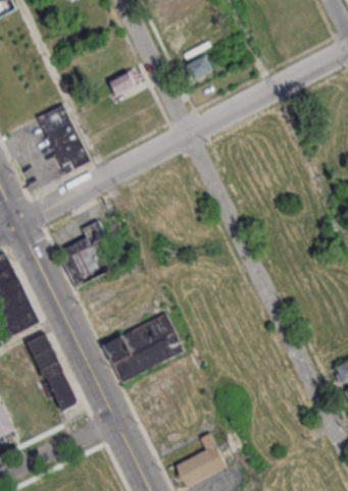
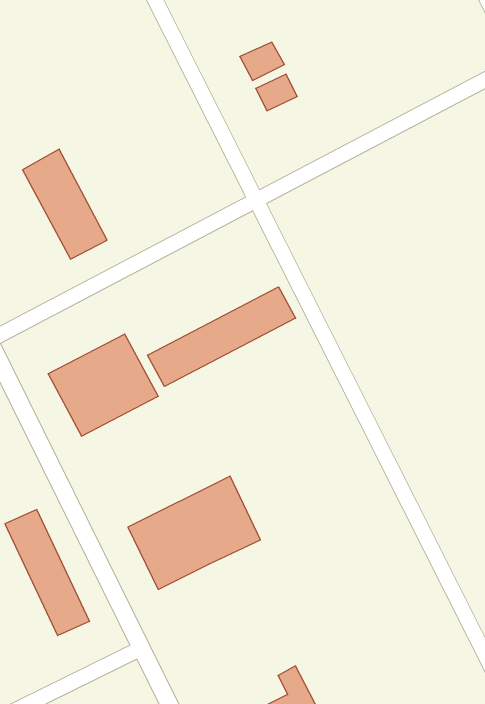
building: [106,66,141,98] -> none
building: none -> [147,287,296,386]

